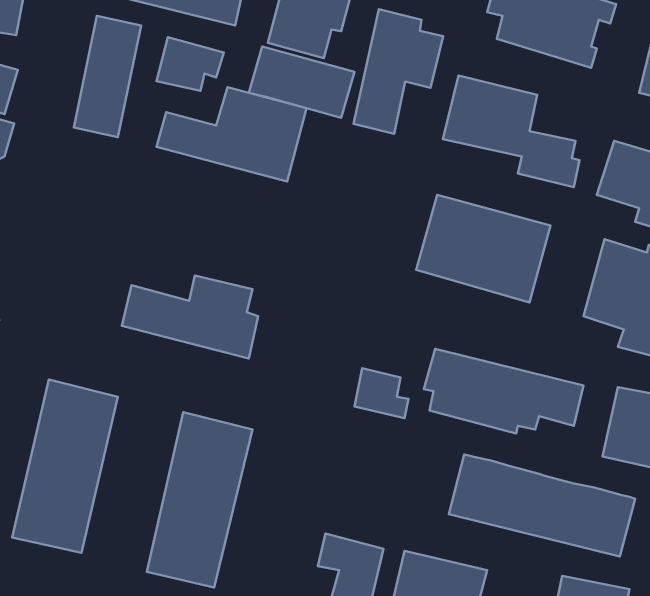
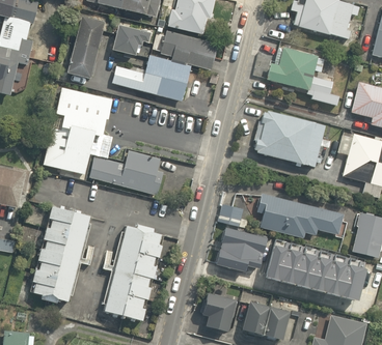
building: [353,9,443,134] -> none
building: none -> [46,89,116,176]
building: none -> [219,230,270,275]

